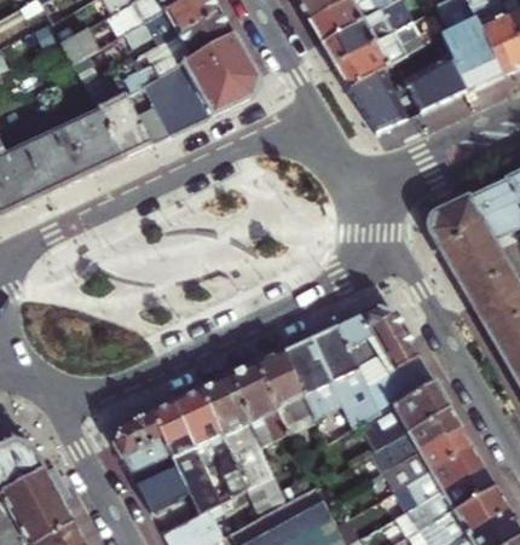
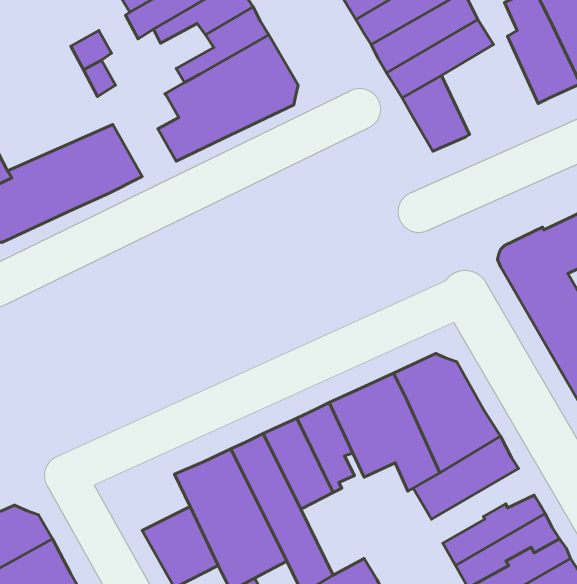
building: [403,54,464,112] -> none
building: [98,94,152,155] -> none
building: [370,406,461,470] -> none
building: [115,411,164,459] -> none

